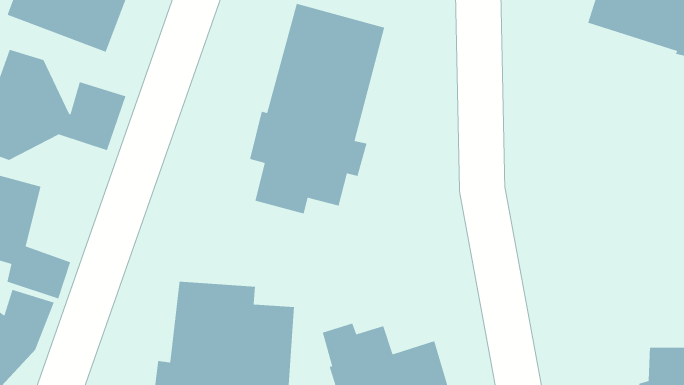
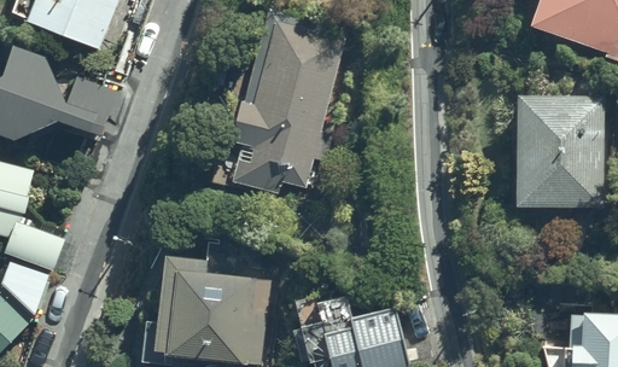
building: none -> [515,92,606,205]

